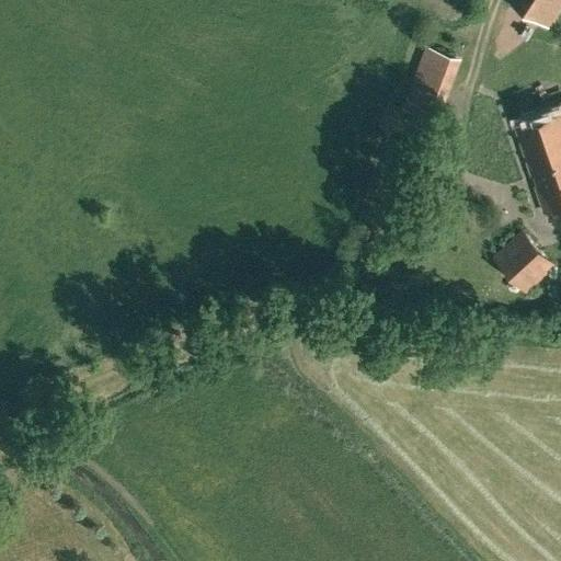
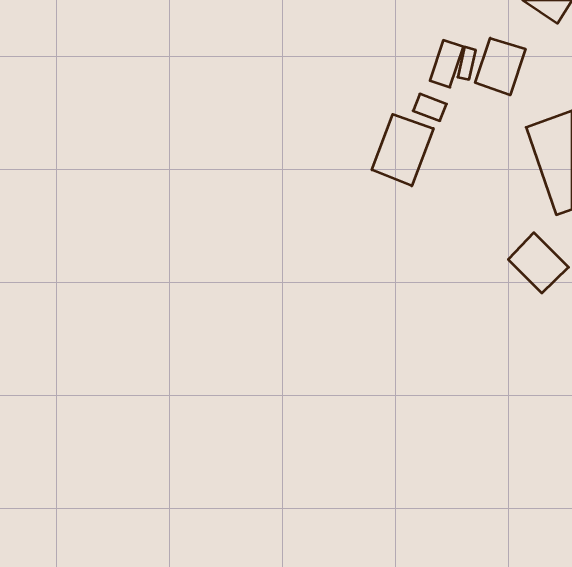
building: none -> [475,38,525,95]
building: none -> [372,114,433,186]

